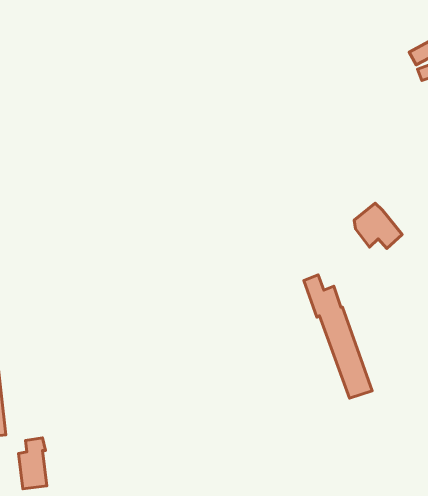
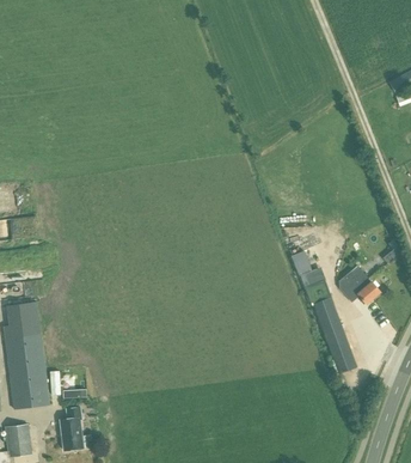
building: [354,203,402,249] -> [339,266,380,304]

